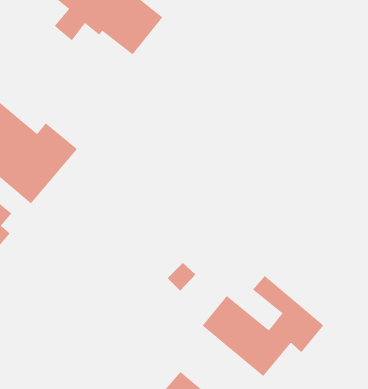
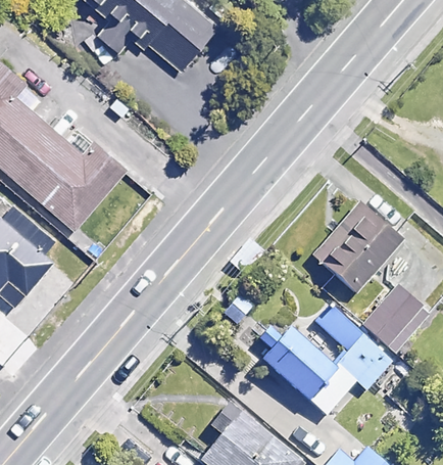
building: none -> [314,204,402,294]
building: none -> [363,284,432,353]

